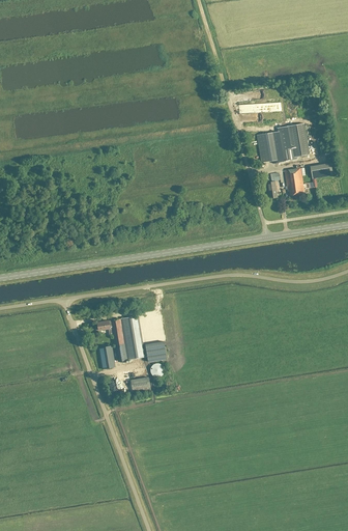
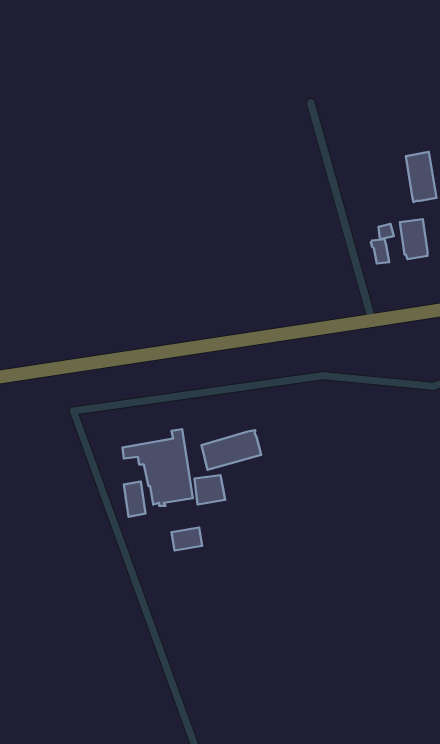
building: [257,125,296,163] -> none
building: none -> [202,430,261,470]

